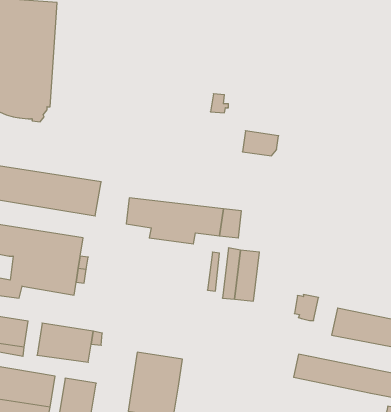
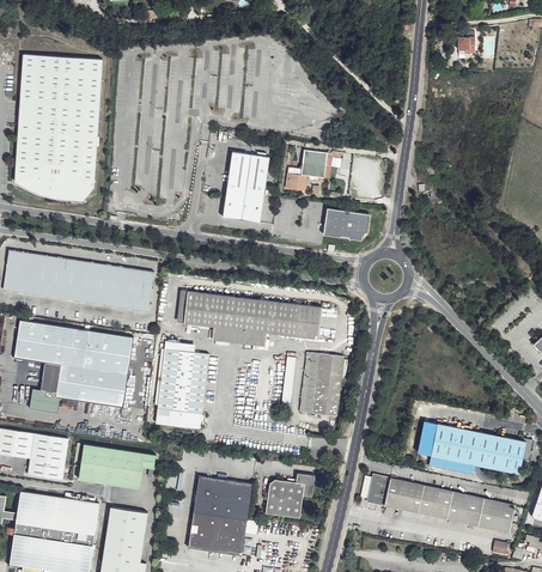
building: none -> [300,151,331,182]
building: none -> [221,152,269,224]
building: none -> [156,341,208,428]
building: [294,295,319,321] -> [361,475,390,506]
building: none -> [264,475,315,521]

